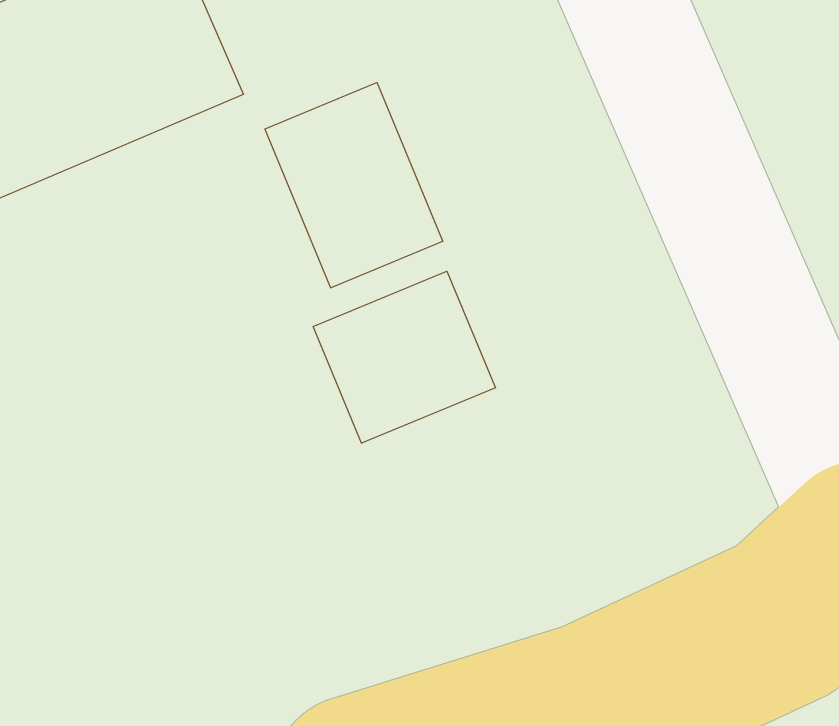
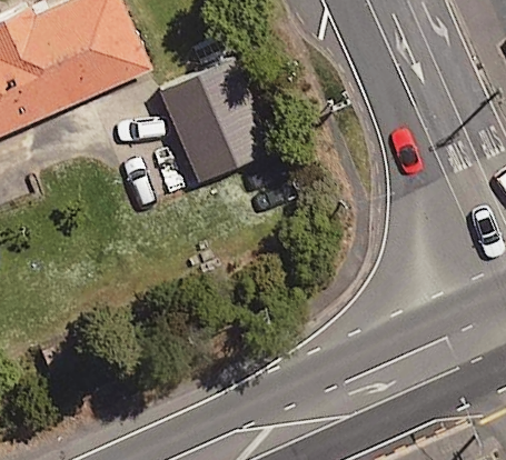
building: [313,271,495,443] -> none

